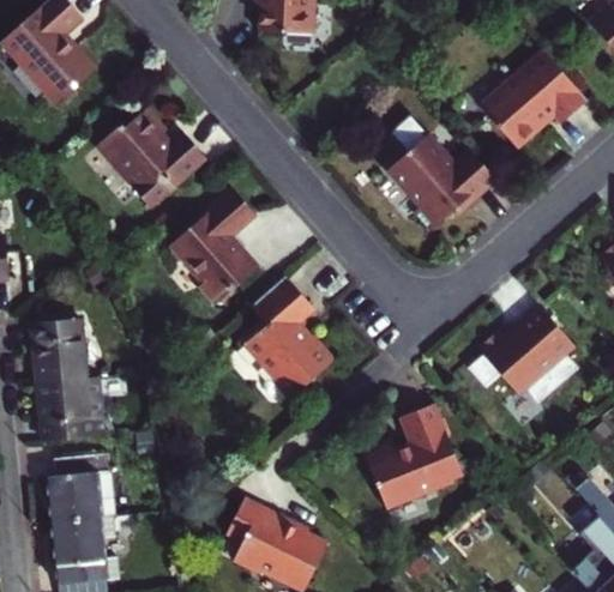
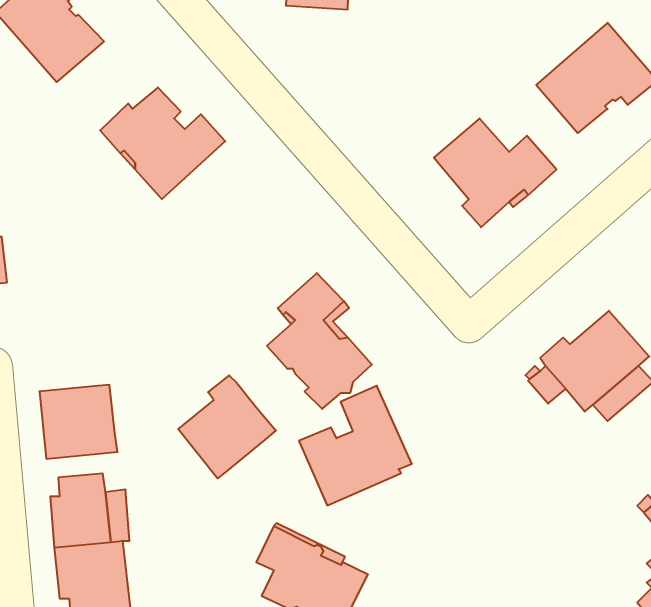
building: [169,191,258,307] -> none
building: [31,316,86,380] -> none
building: none -> [178,375,276,478]
building: [369,404,470,511] -> [299,386,412,505]

